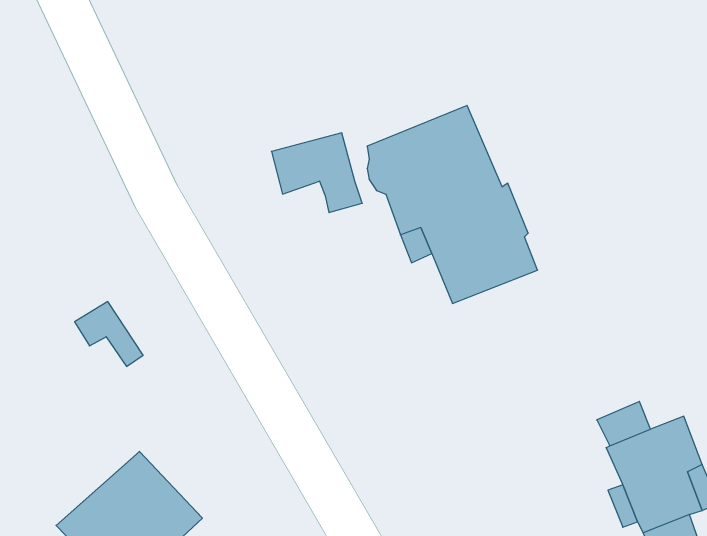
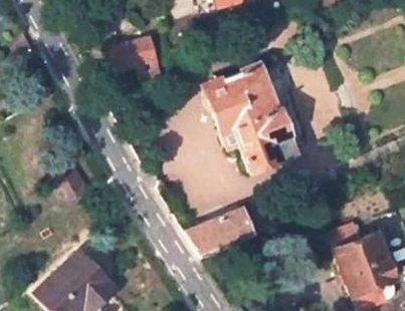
building: [271,133,362,213] -> [113,38,162,81]
building: none -> [186,209,253,257]

